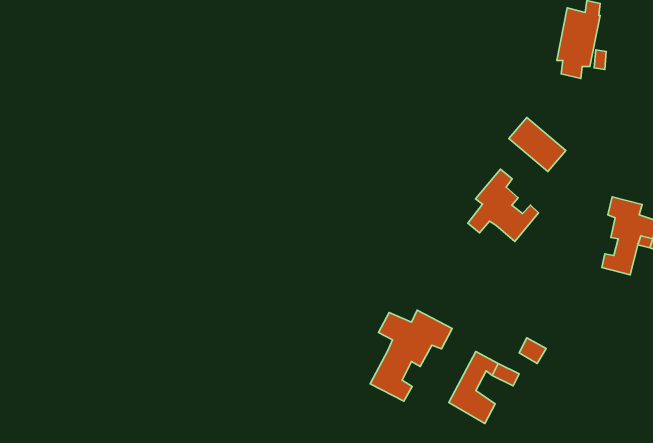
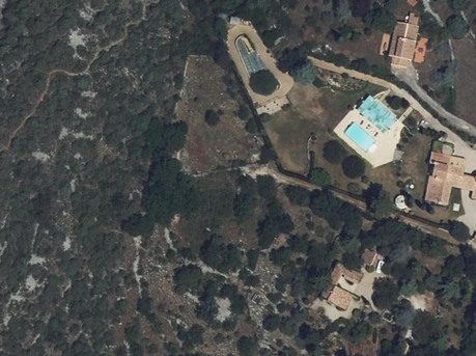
building: [468,169,539,241] -> none
building: [370,310,452,401] -> none

